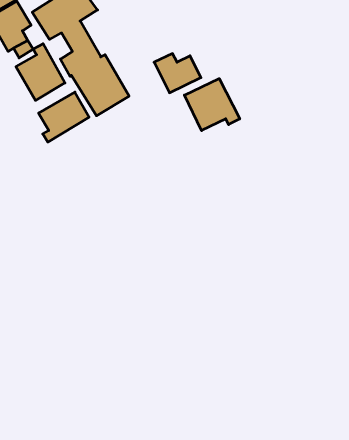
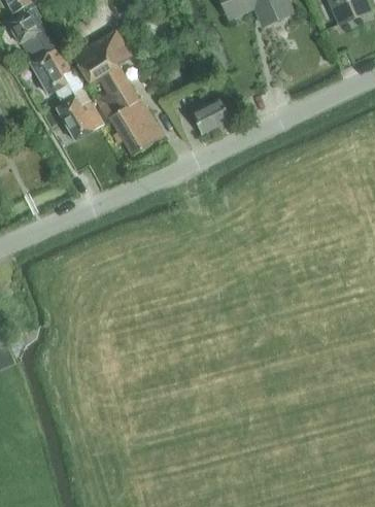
building: [184,79,240,131] -> none
building: [39,92,89,142] -> none

